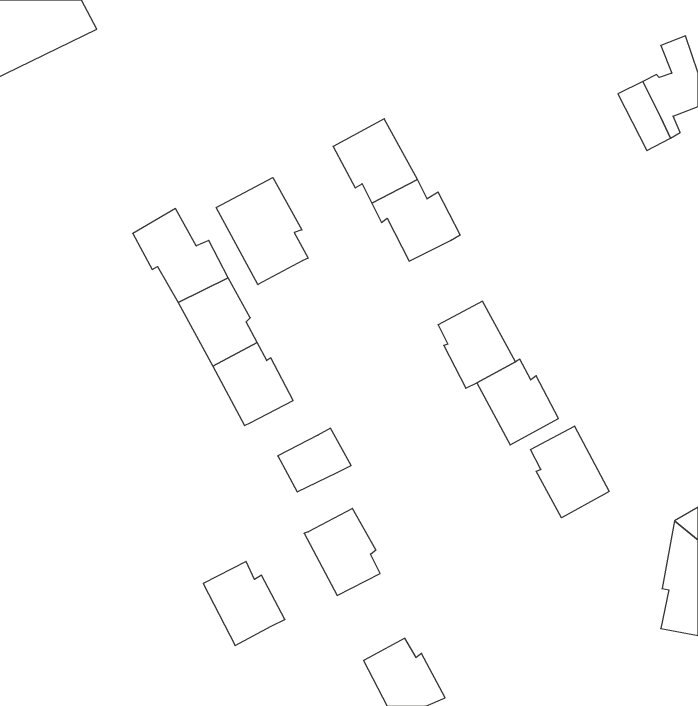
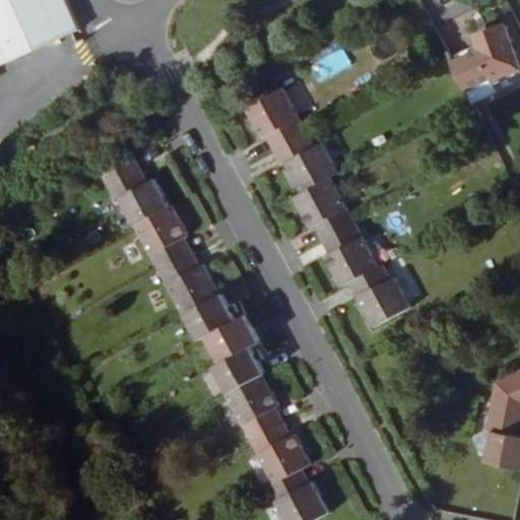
building: [216,178,308,285] -> none
building: none -> [294,177,354,239]
building: none -> [184,292,234,338]
building: [530,426,609,518] -> none
building: none -> [212,347,262,391]
building: [203,561,285,646] -> [248,421,308,483]

